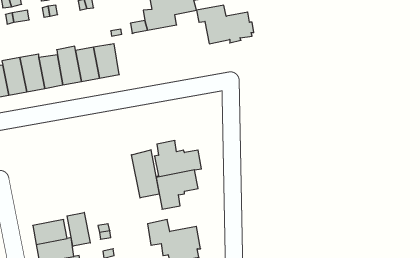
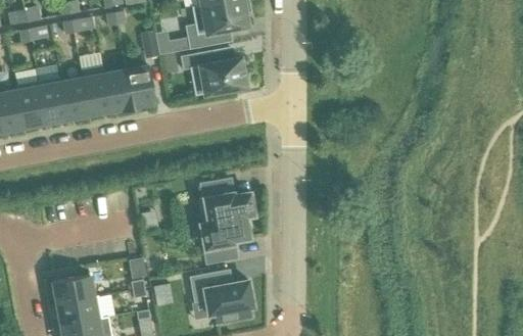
building: [196,5,254,44] -> [180,50,248,96]
building: [131,150,159,198] -> none
building: [67,212,90,246] -> none

